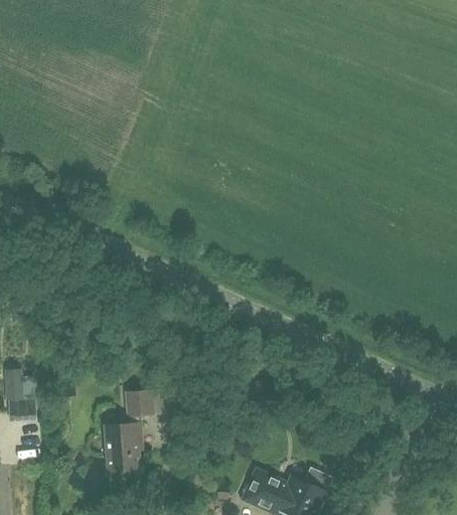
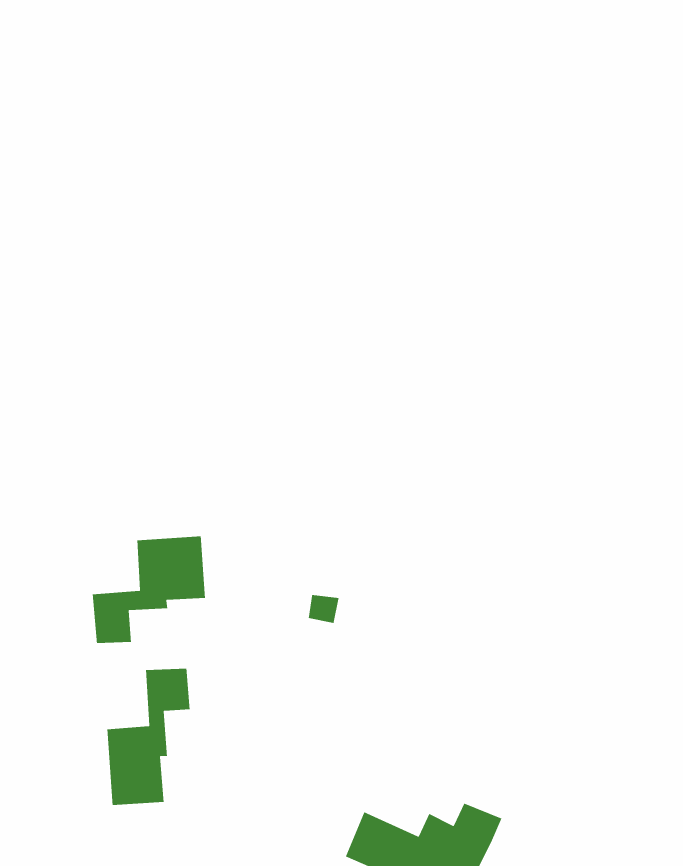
building: none -> [92,536,206,644]

